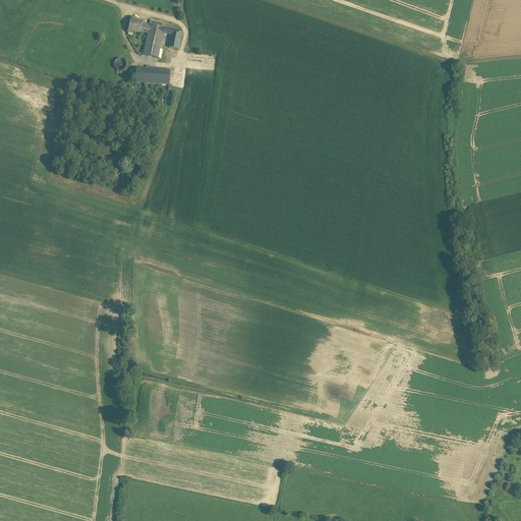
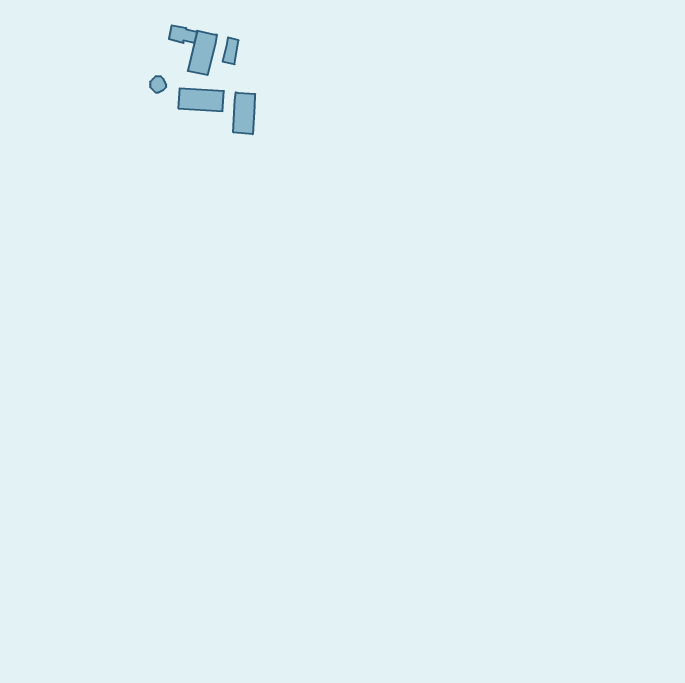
building: none -> [233,92,255,134]

